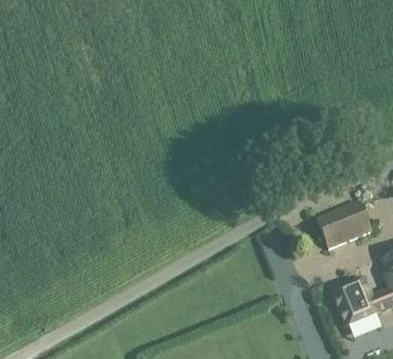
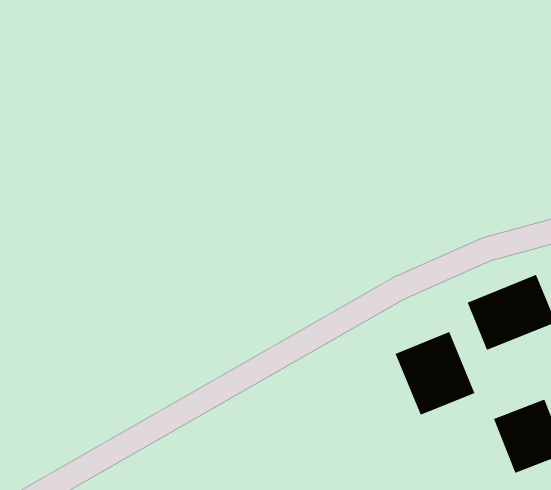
building: none -> [395,331,475,416]

